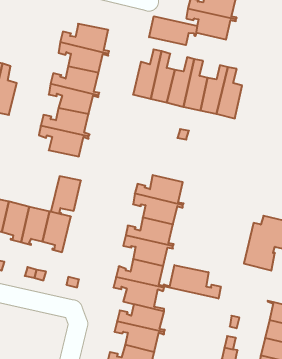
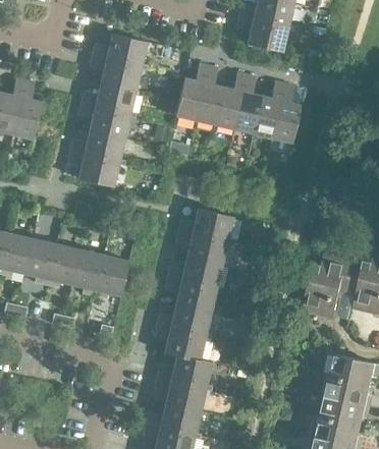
building: [149,16,197,45] -> none
building: [51,176,81,214] -> [94,256,128,299]
building: [164,265,221,299] -> none

